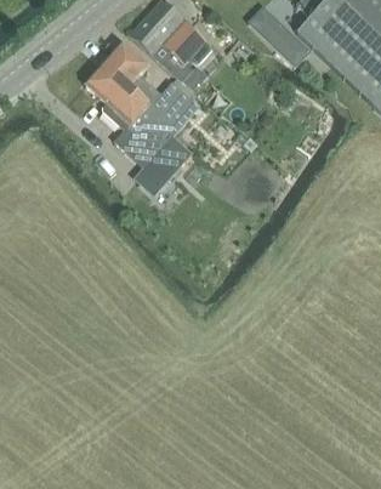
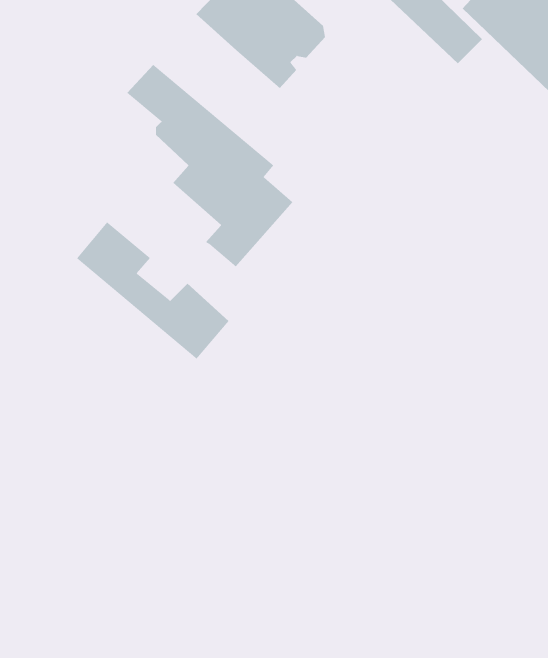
building: [102,44,199,131] -> [76,222,230,360]

